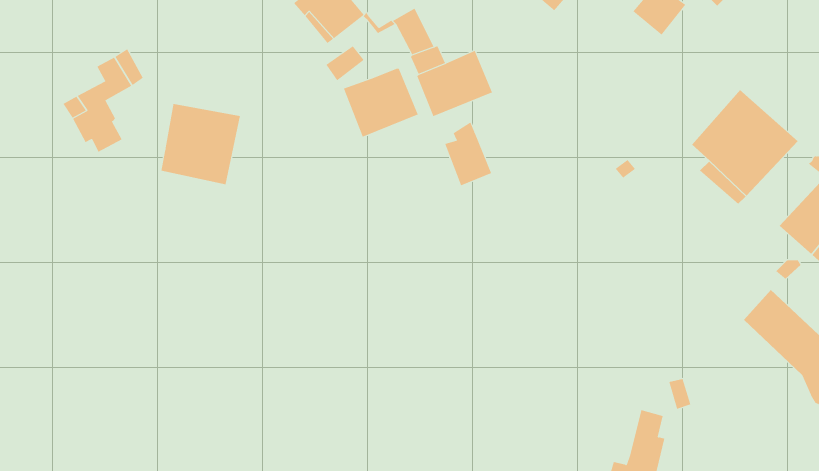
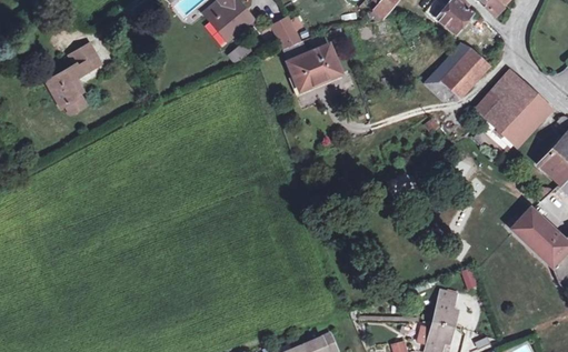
building: none -> [423,43,489,101]
building: [343,68,418,137] -> none
building: [161,103,240,185] -> none
building: [444,121,492,186] -> none

